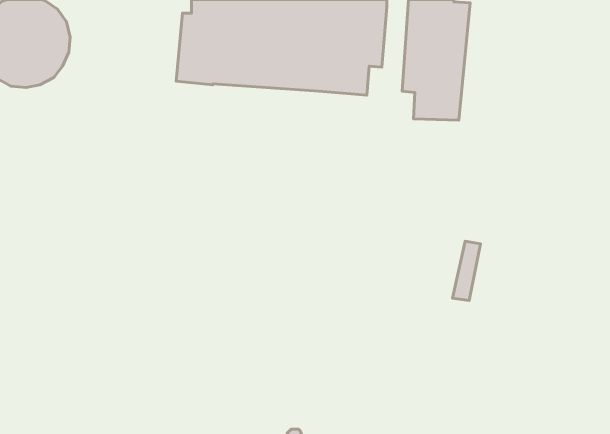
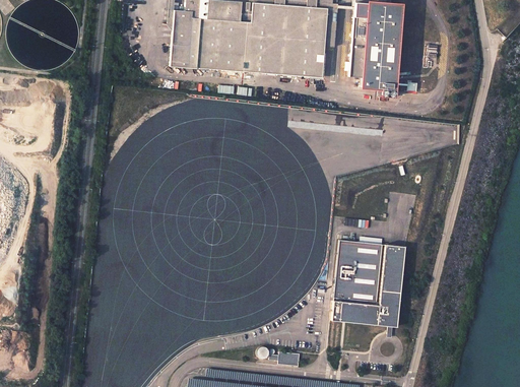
building: none -> [331,240,405,329]

